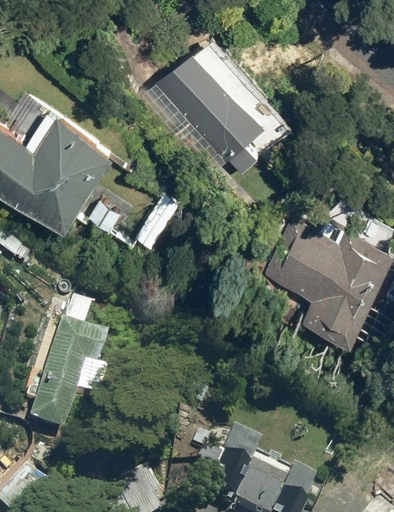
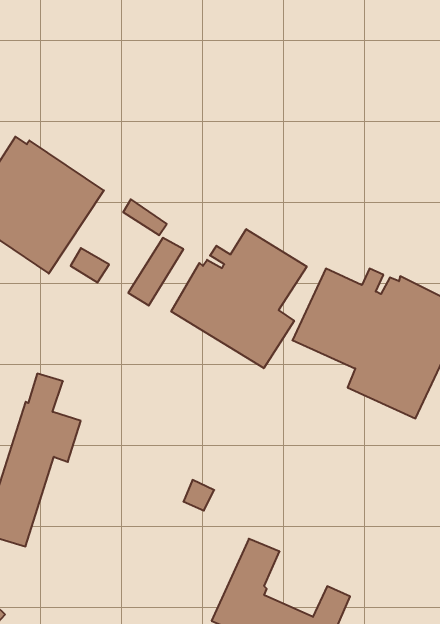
building: [135,40,265,185] -> none
building: none -> [171,229,307,368]

